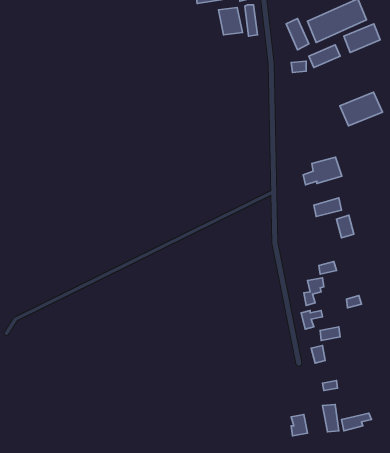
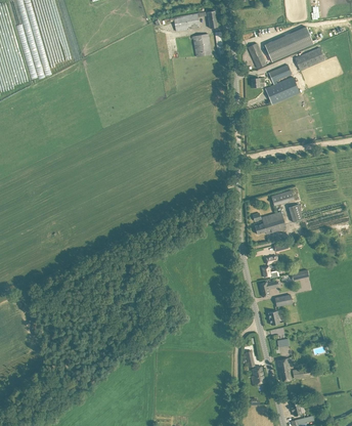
building: [340,92,382,126] -> [265,77,300,104]
building: [303,157,342,185] -> [255,212,287,235]

